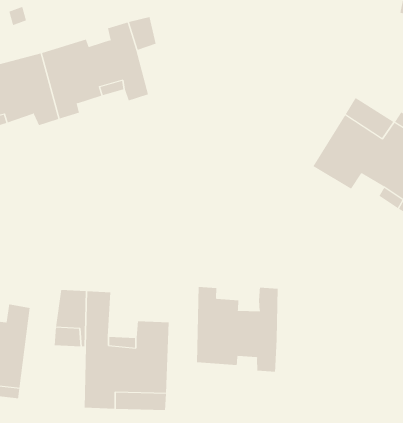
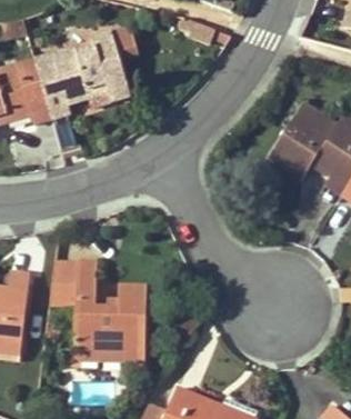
building: [196,286,278,373] -> none

